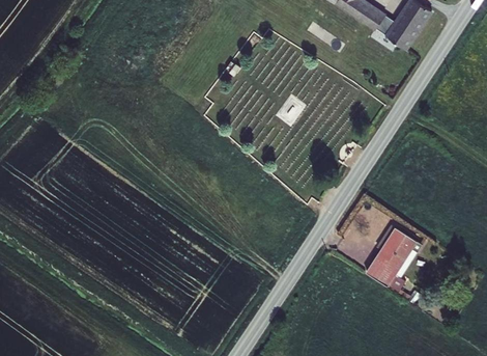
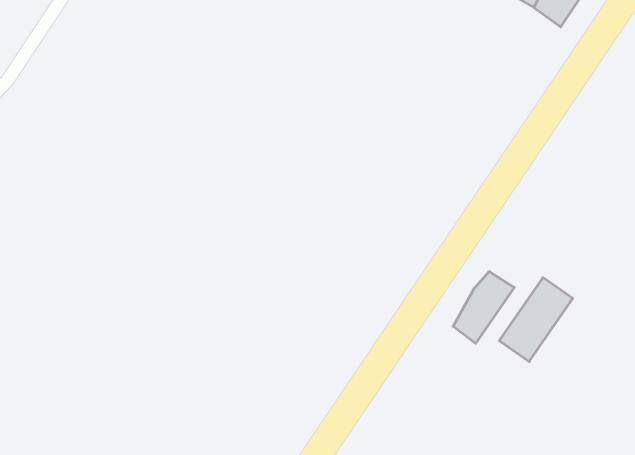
building: none -> [453,272,514,343]

